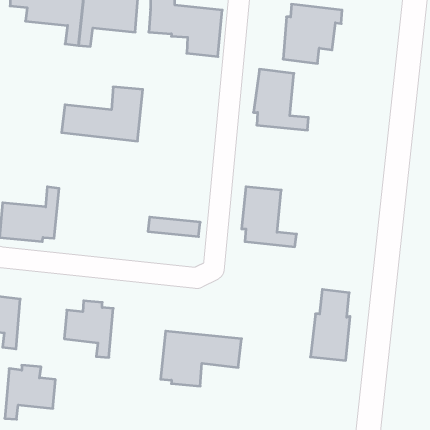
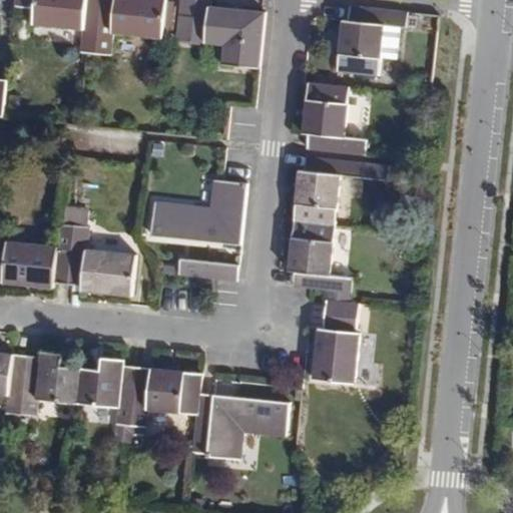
building: [62,87,143,141] -> [149,180,245,244]
building: none -> [292,156,364,225]
building: none -> [64,223,133,295]
building: [310,289,350,360] -> [311,300,358,384]
building: none -> [129,366,199,426]
building: [5,365,55,419] -> [19,351,79,415]

